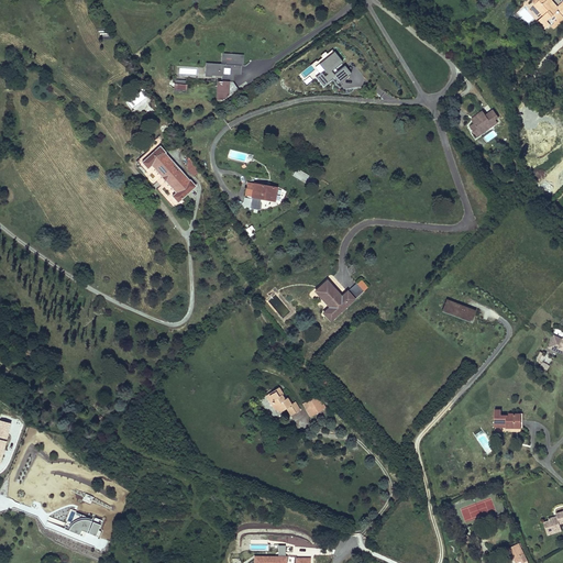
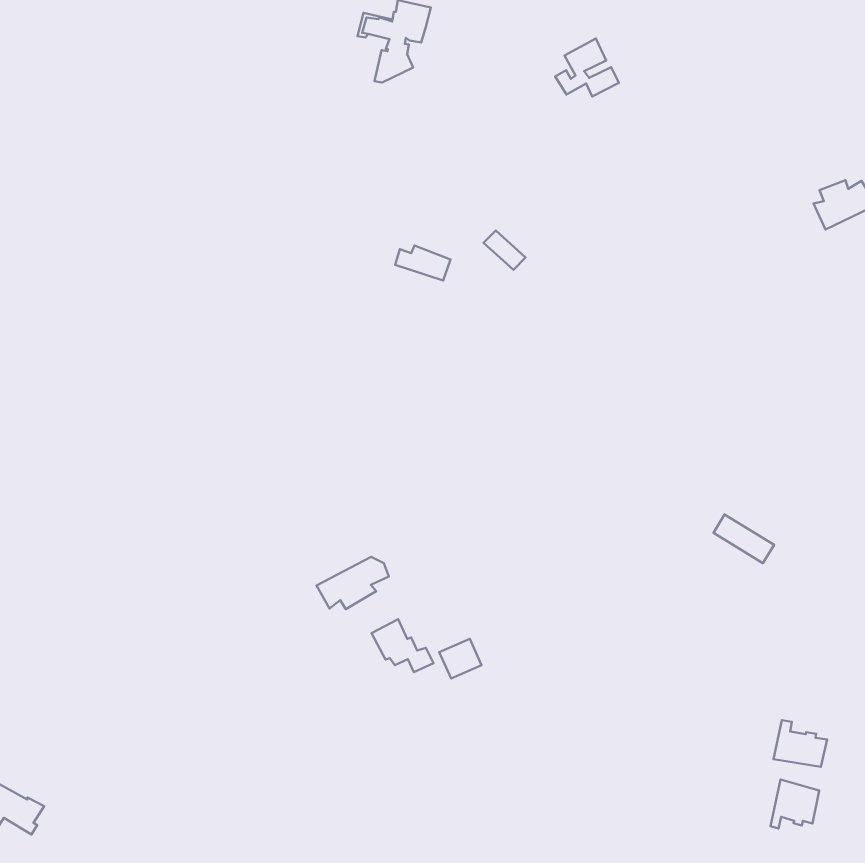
building: [141,146,195,202] -> none
building: [314,278,367,321] -> none
building: none -> [317,557,389,609]
building: none -> [770,779,819,829]

